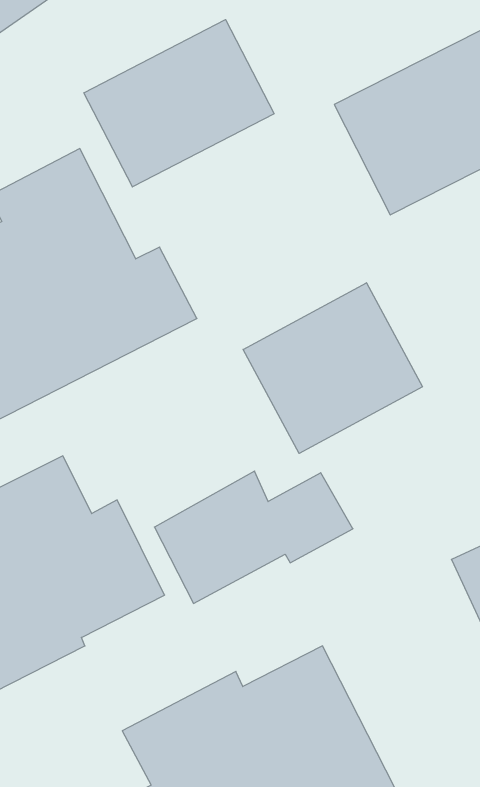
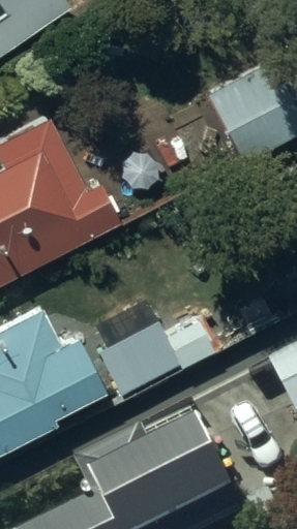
building: [84,20,274,187] -> none
building: [243,283,422,453] -> none

